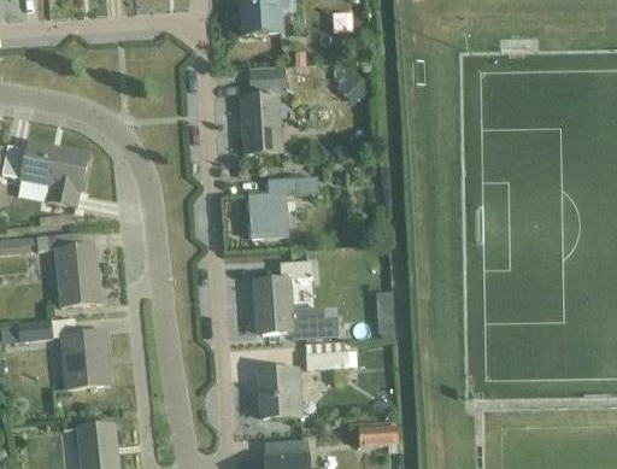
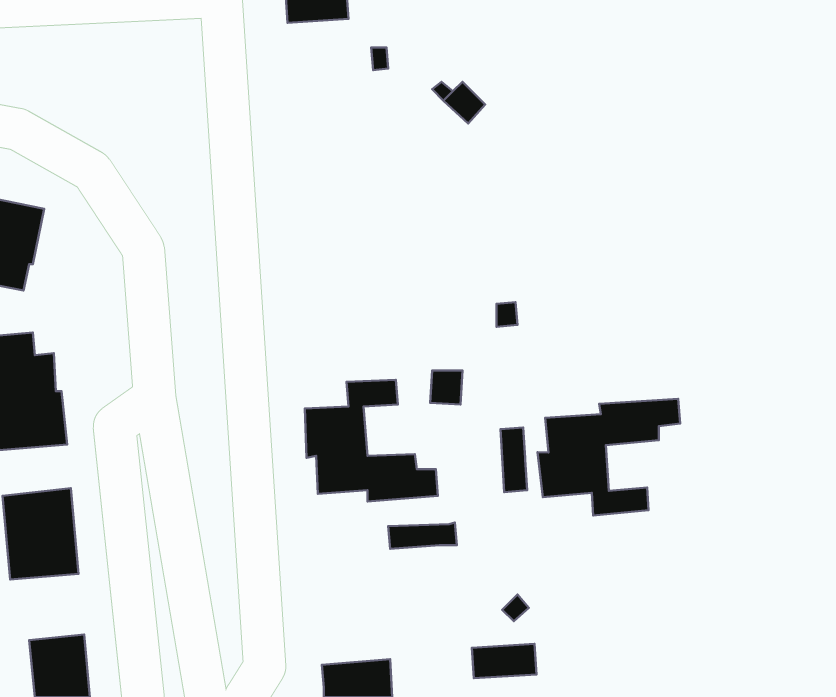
building: [240,66,284,152] -> none
building: [248,176,317,236] -> none
building: none -> [538,399,680,516]
building: [258,368,300,417] -> none

